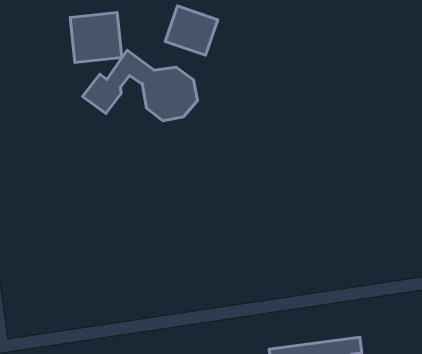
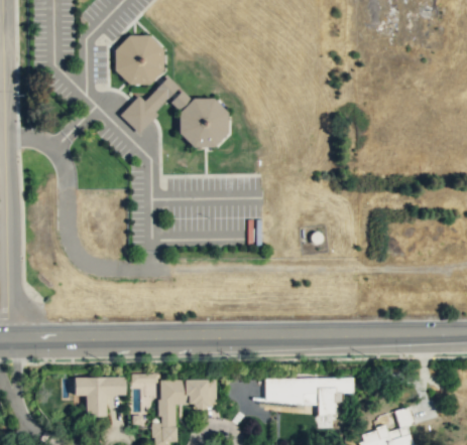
building: [165,6,218,55] -> none

